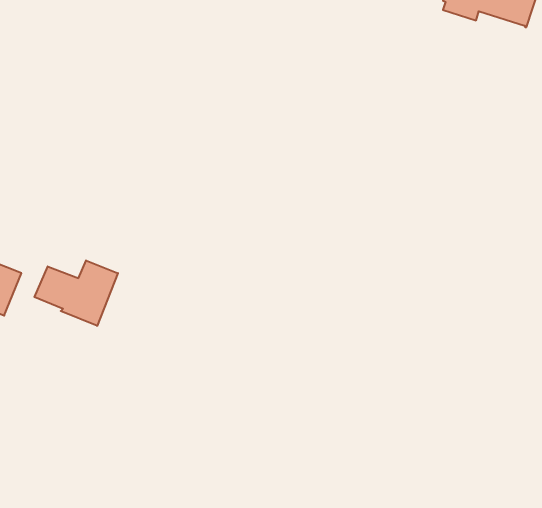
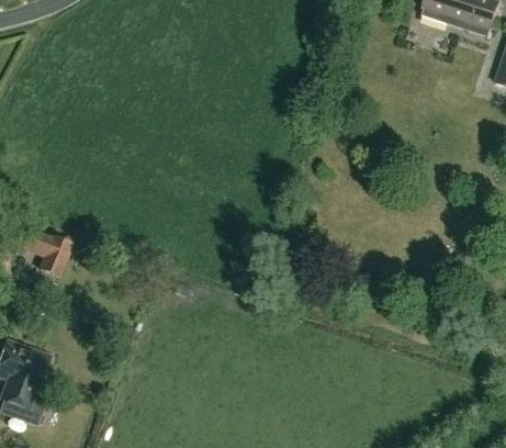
building: [34,260,118,326] -> none

